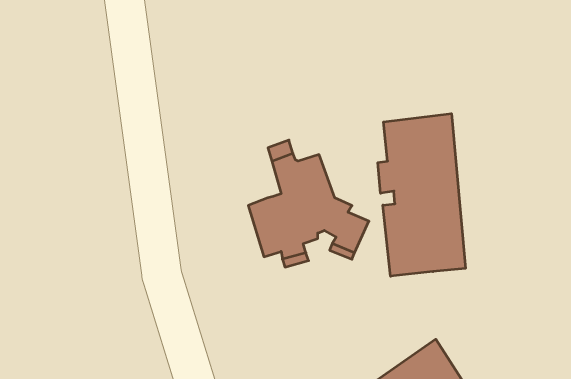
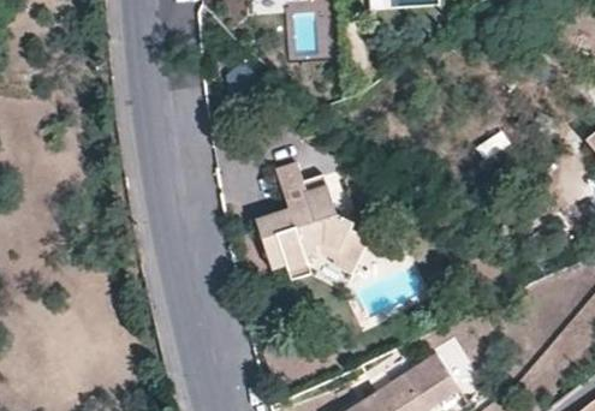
building: [378,114,465,276] -> none

